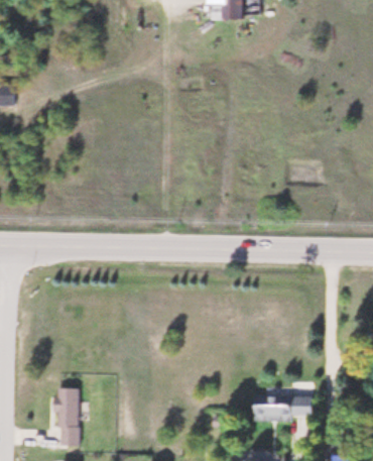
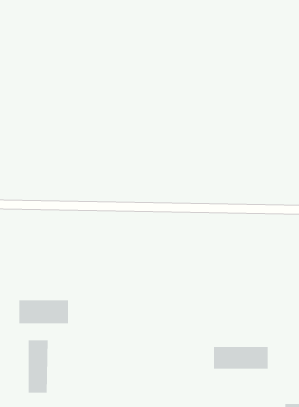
building: none -> [19,300,68,324]

